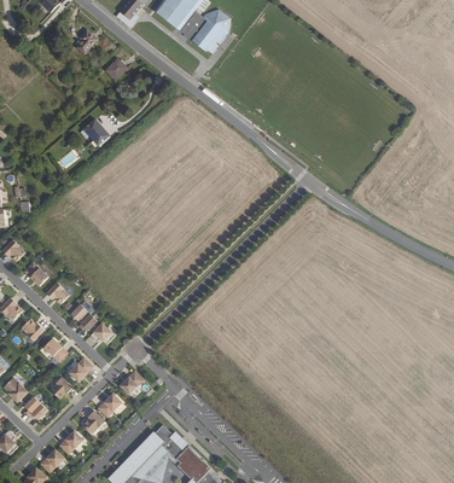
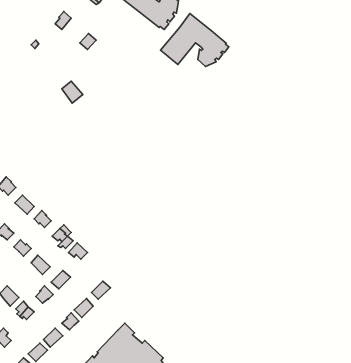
building: none -> [161,14,229,67]

